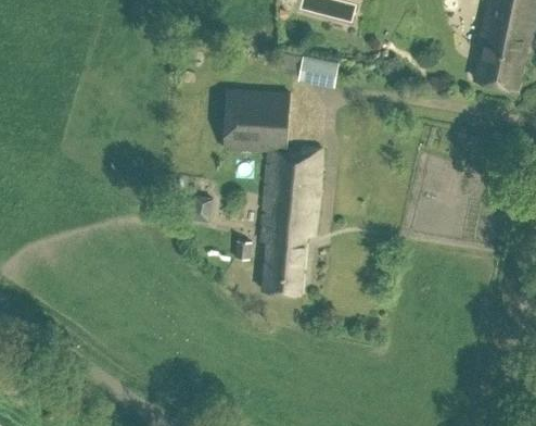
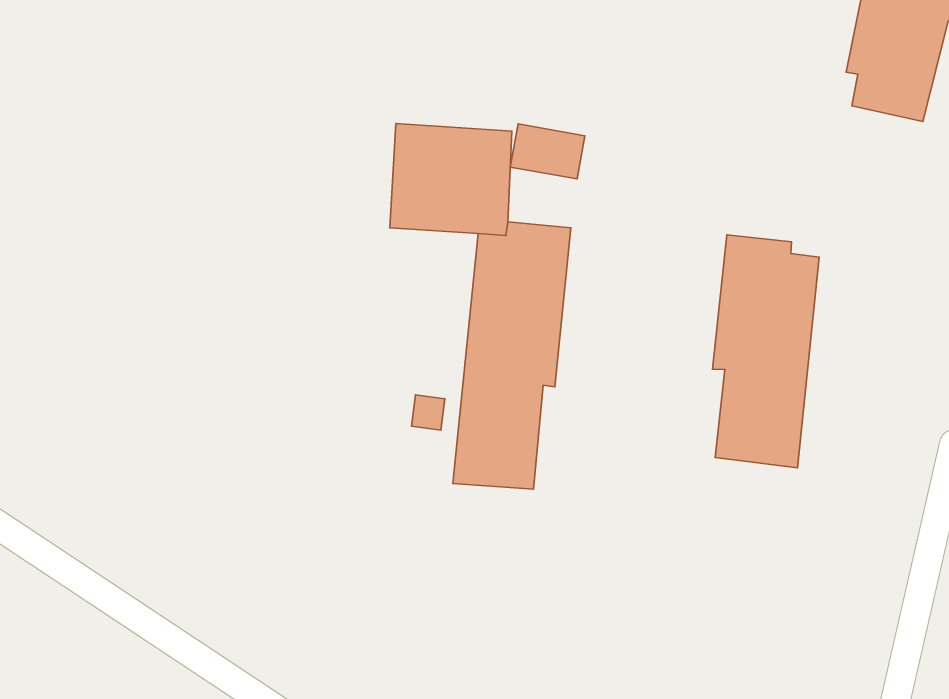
building: [299,57,341,87] -> [510,124,585,179]
building: none -> [713,235,819,468]

